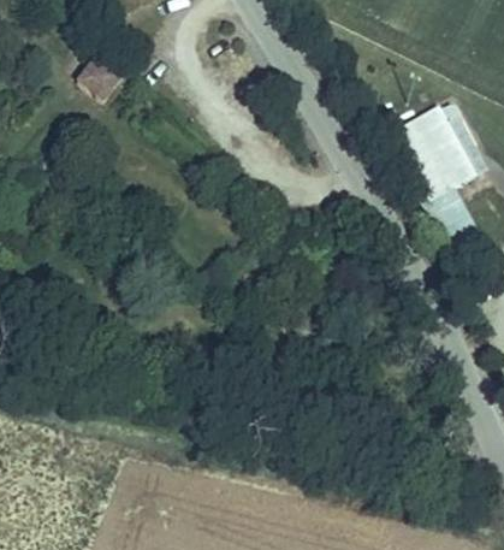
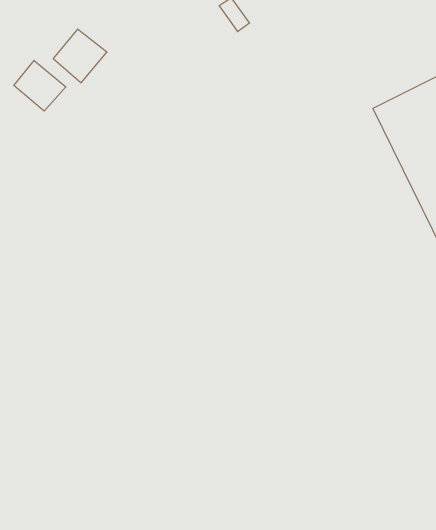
building: none -> [14,60,66,111]

